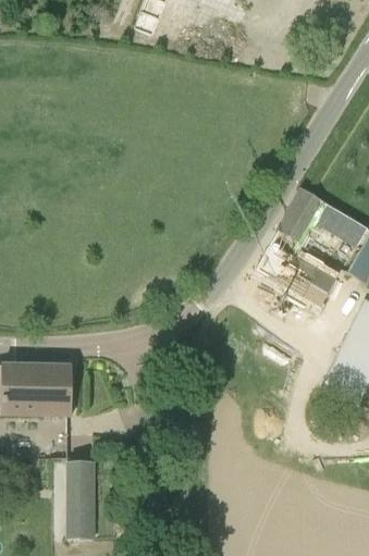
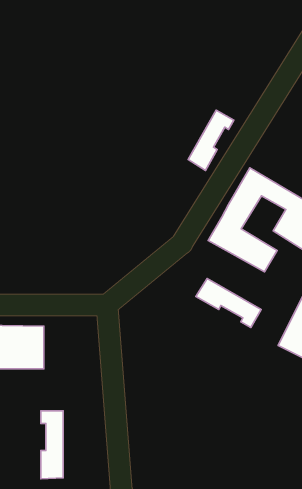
building: none -> [188,110,234,170]
building: none -> [196,279,261,328]

